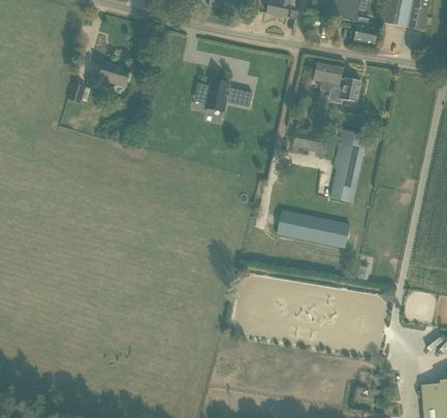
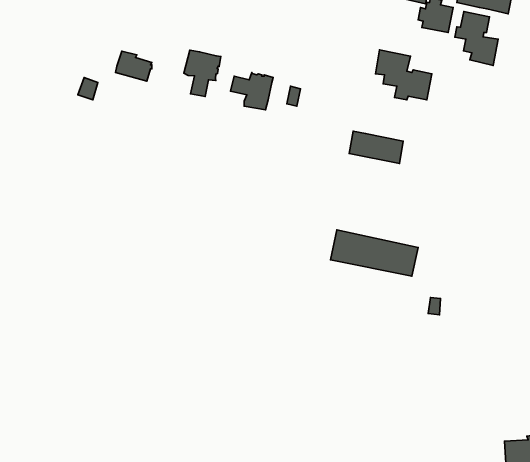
building: none -> [455,11,498,65]
building: none -> [184,50,221,97]
building: [330,129,366,202] -> none

